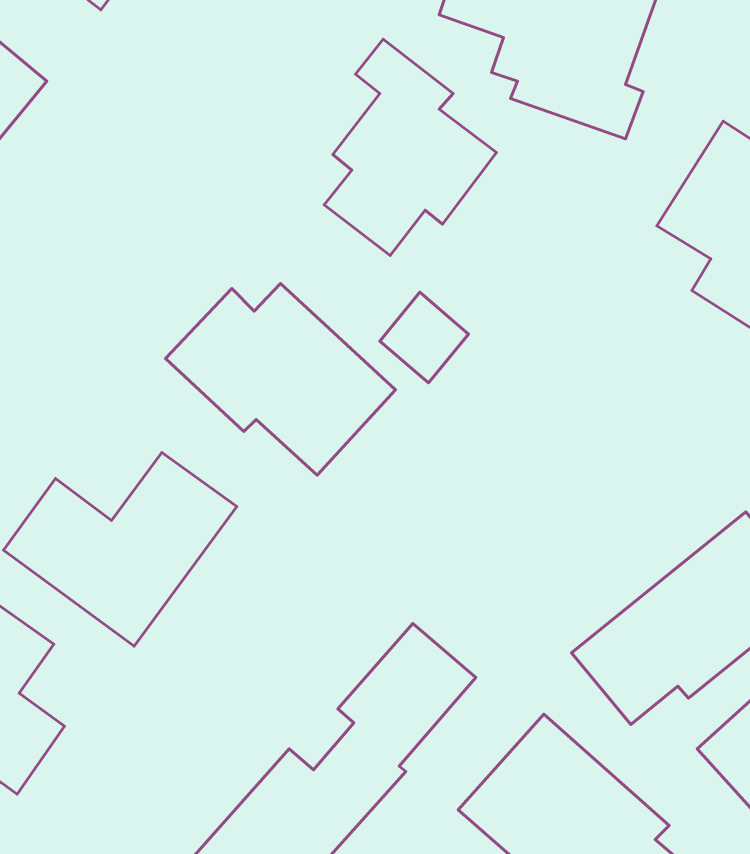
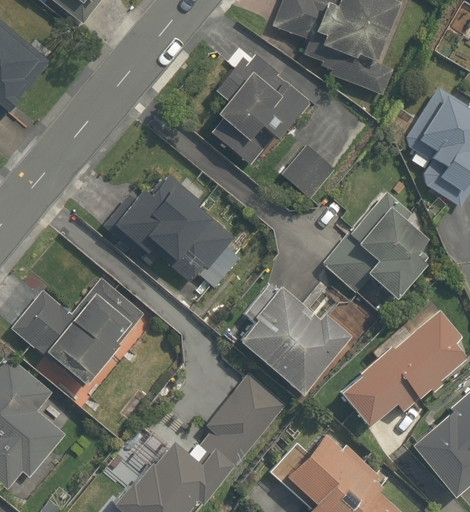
building: [380,292,469,383] -> [277,146,328,198]
building: none -> [329,193,439,316]
building: none -> [240,279,353,399]

